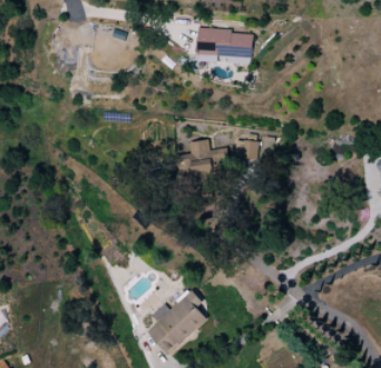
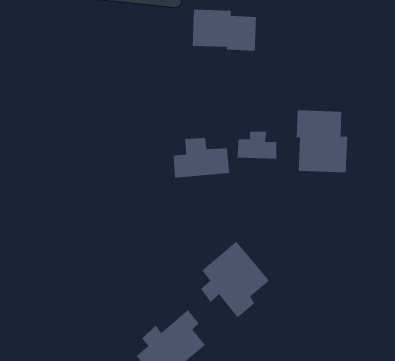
building: none -> [296,110,348,173]
building: none -> [200,241,270,318]

